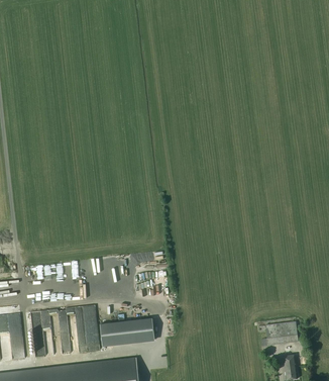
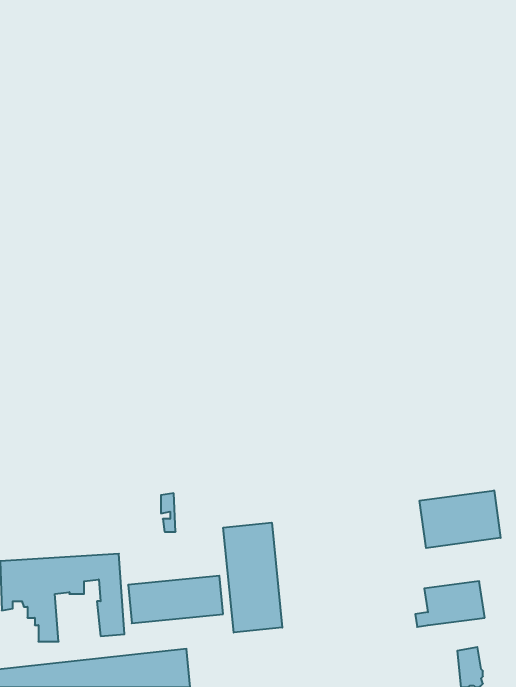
building: none -> [420,490,501,548]
building: none -> [223,523,282,633]

